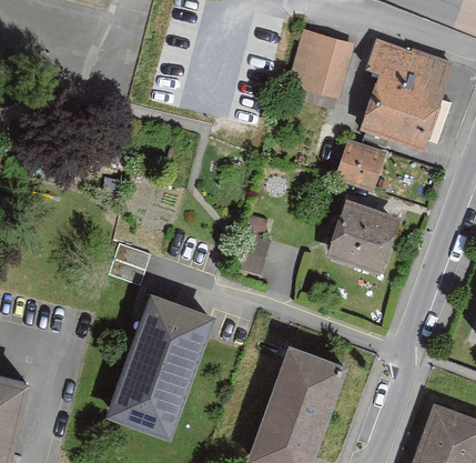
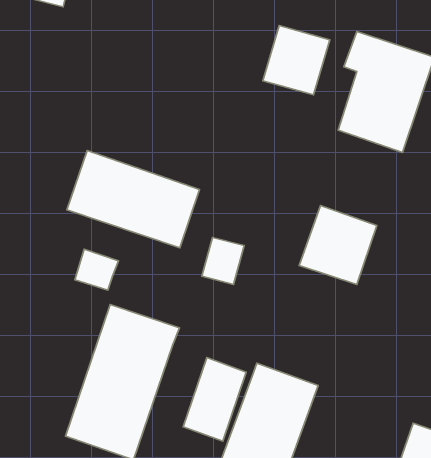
building: [336,140,385,190] -> none
building: none -> [67,150,200,248]
building: none -> [183,358,246,441]

